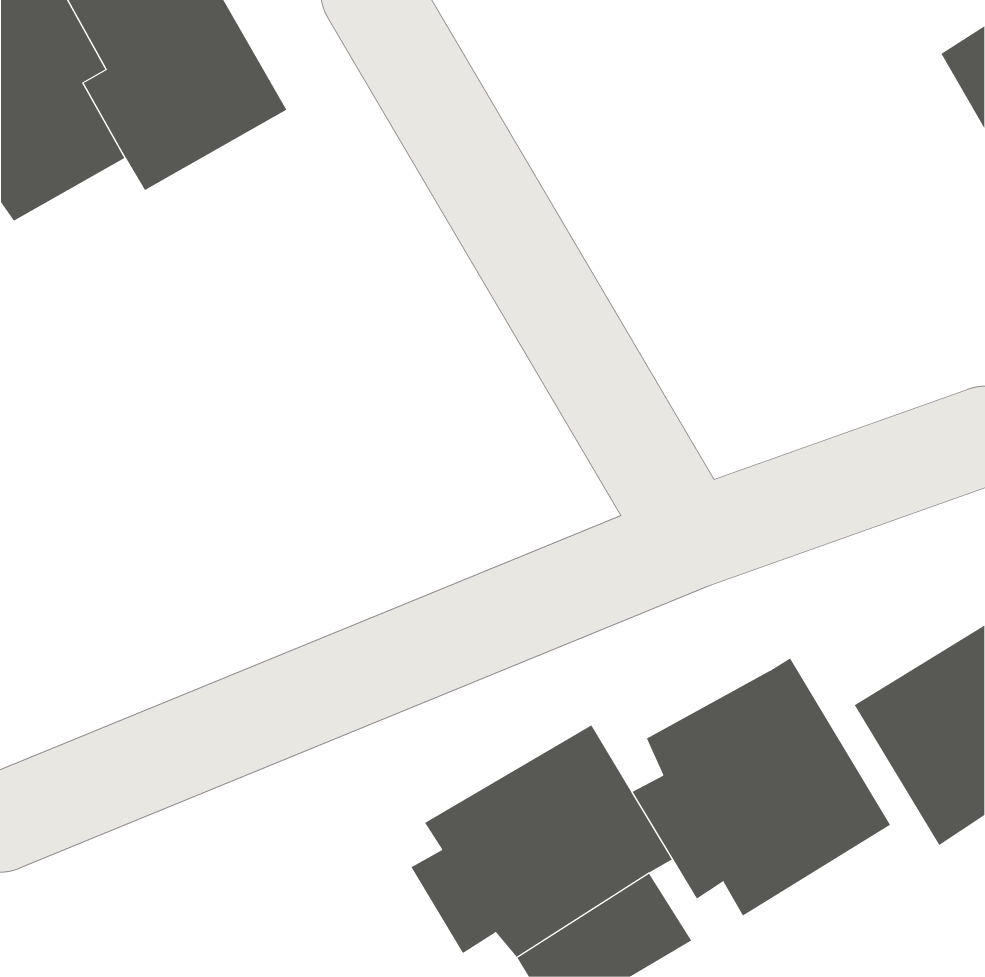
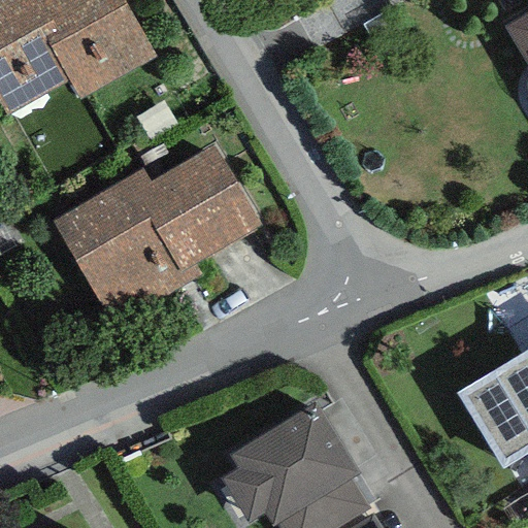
building: none -> [54,150,258,327]
building: [632,657,891,917] -> none

